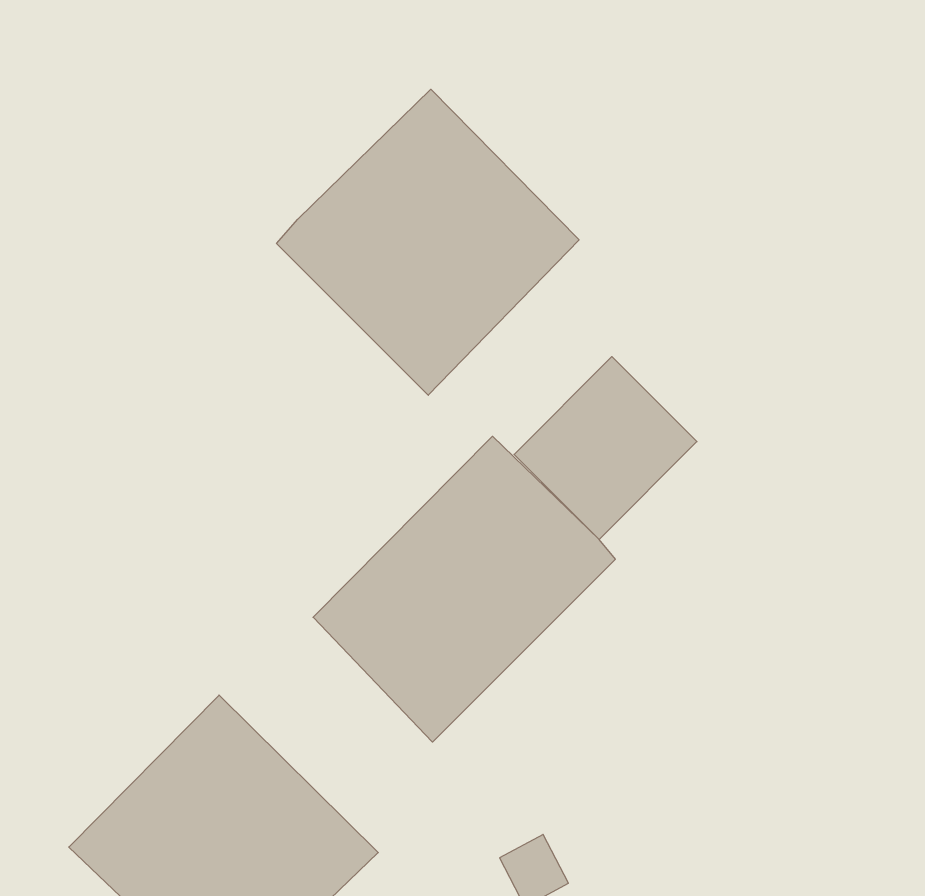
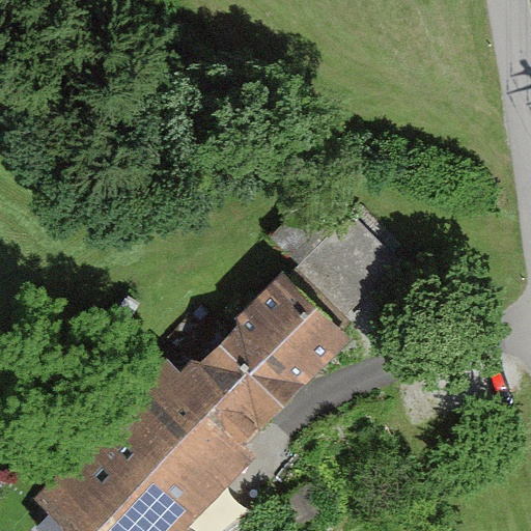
building: [277,89,579,395] -> none
building: none -> [125,367,264,505]

